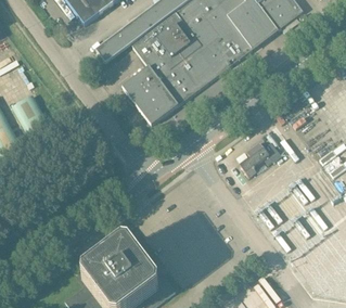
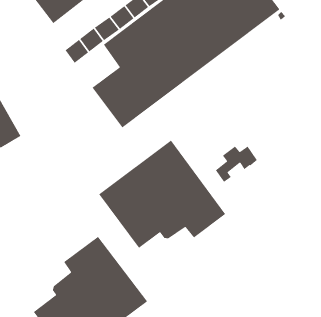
building: none -> [98,140,226,249]

